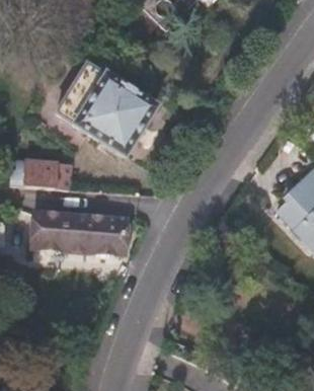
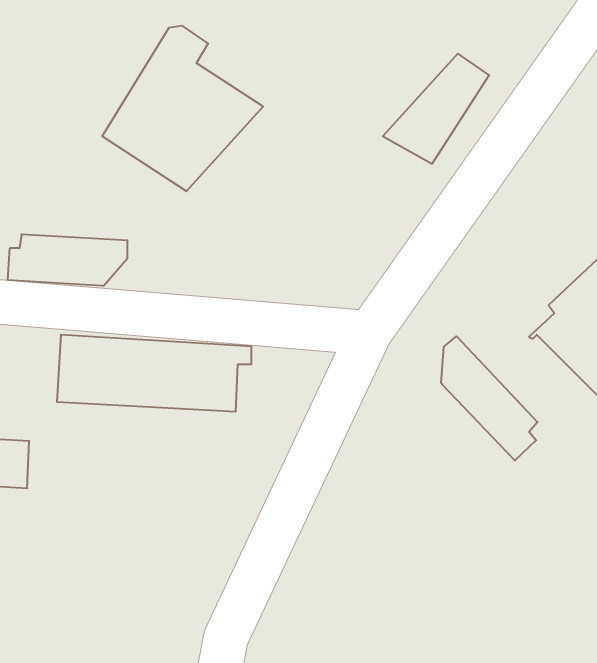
building: [100,95,155,152] -> [383,54,489,164]
building: none -> [441,336,538,461]

